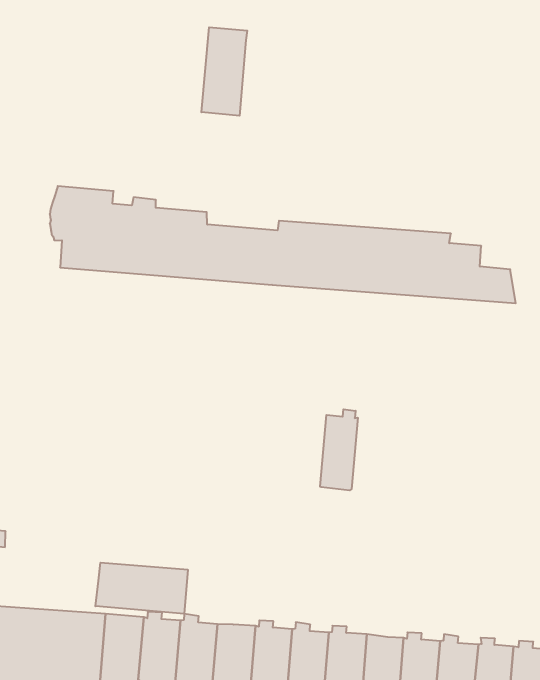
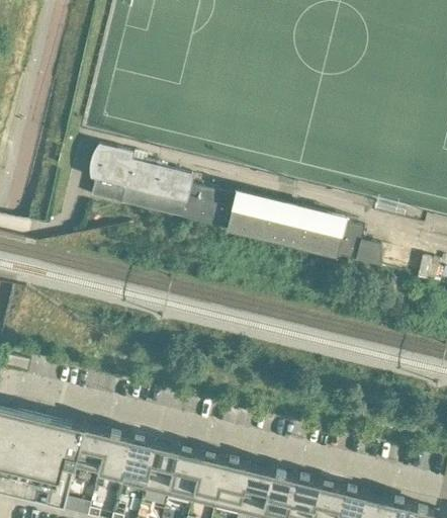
building: [201,27,247,116] -> none
building: [320,409,358,490] -> none
building: [95,563,188,614] -> none

